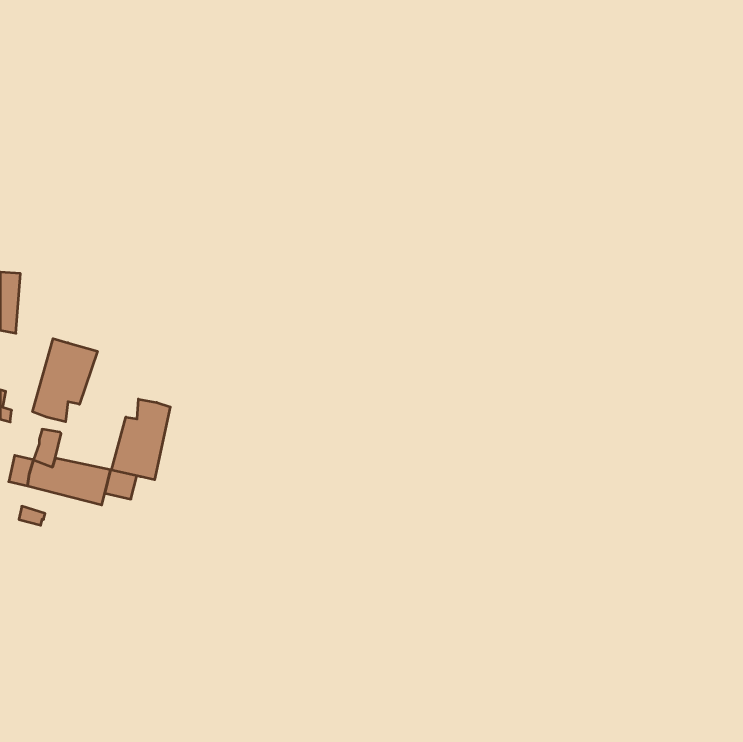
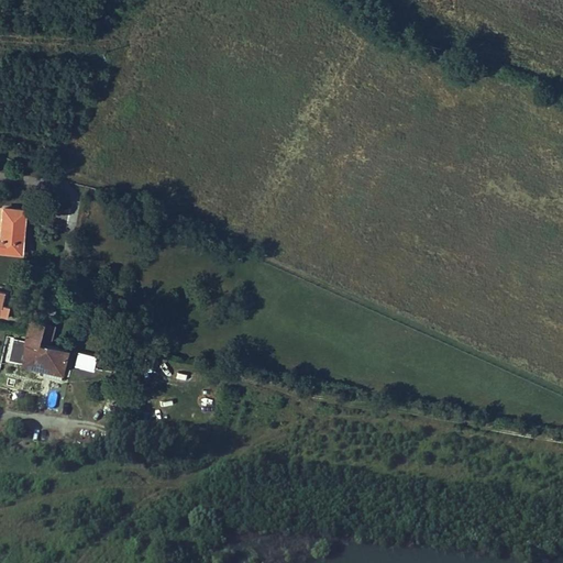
building: [33,339,97,422] -> none
building: [111,399,170,480] -> none

